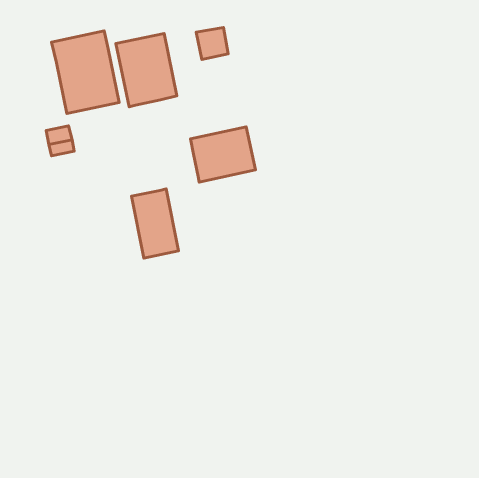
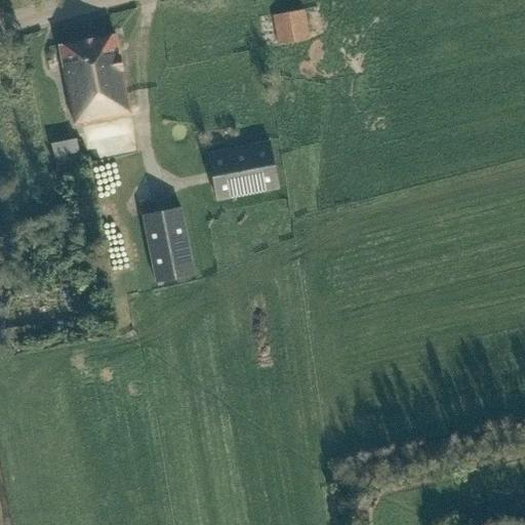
building: [196,28,228,60] -> [272,9,307,44]
building: [116,33,177,107] -> none

